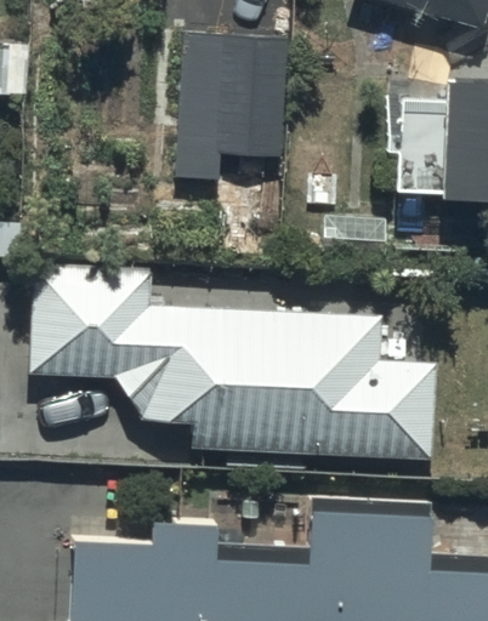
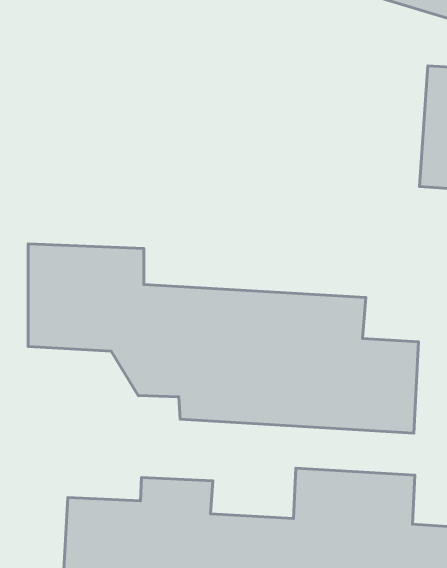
building: [177,35,291,192] -> none

